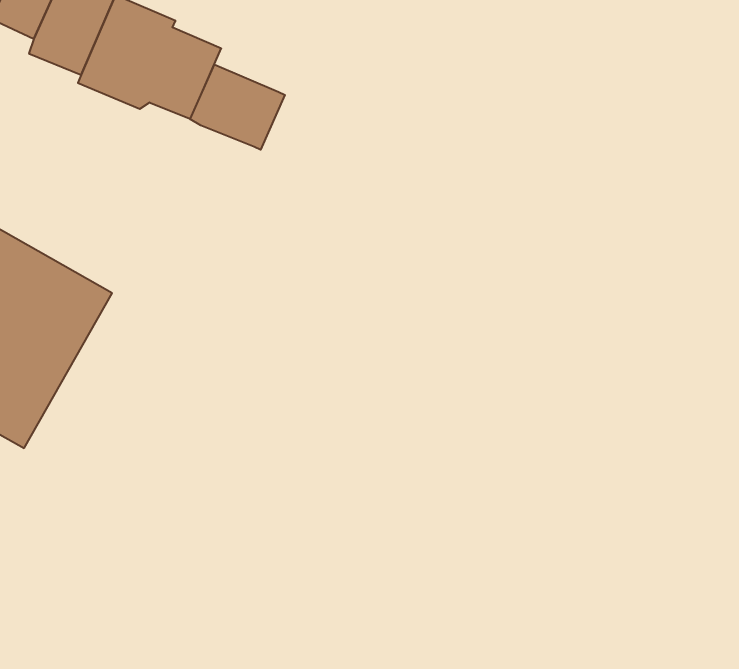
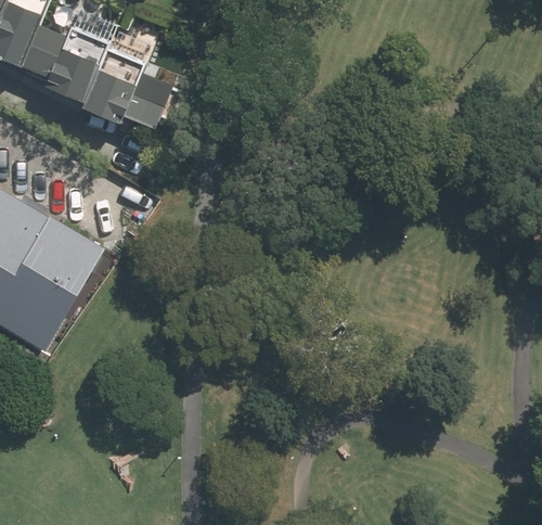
building: [190,64,285,150] -> none

